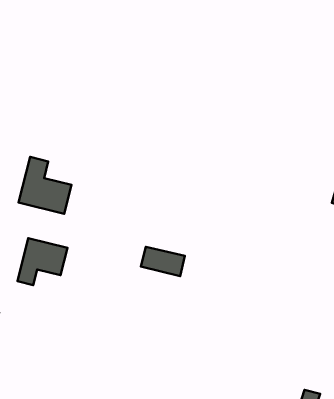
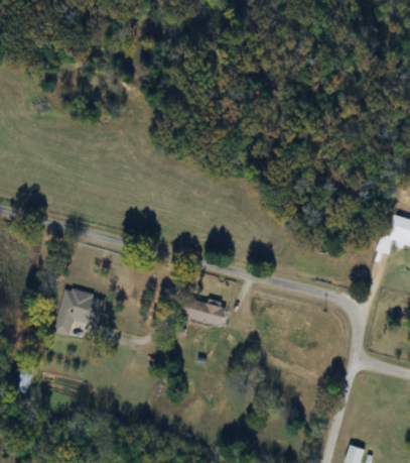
building: [19,157,72,214] -> none

